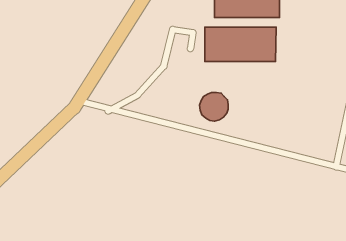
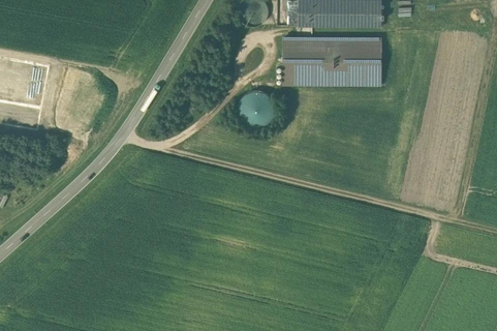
building: [199,92,228,121] -> [237,91,274,128]

